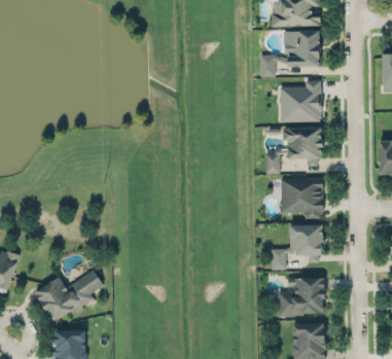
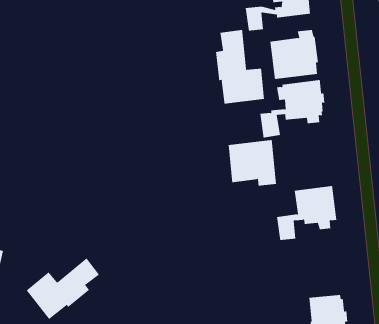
building: none -> [215,29,264,105]
building: [281,177,322,218] -> [228,140,277,186]
building: [278,279,324,316] -> none

